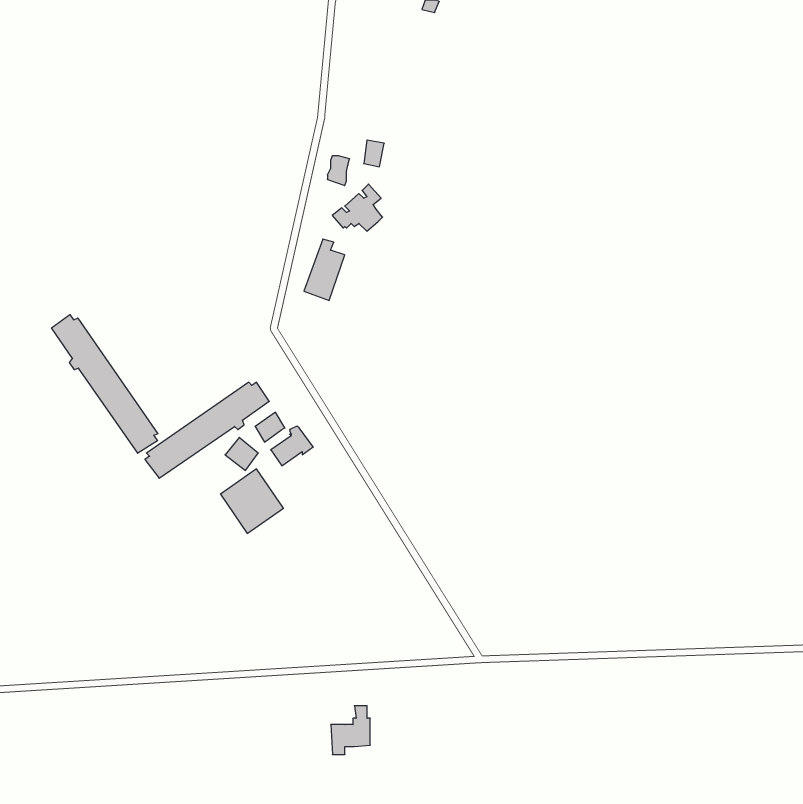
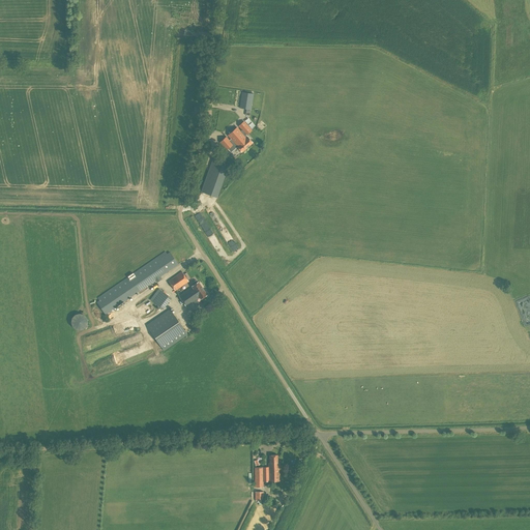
building: [52,315,158,453] -> none
building: [331,706,370,754] -> [253,454,278,487]

